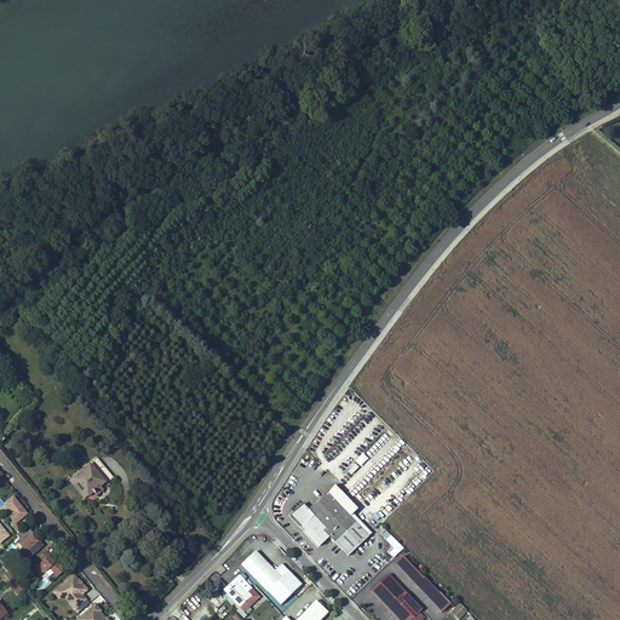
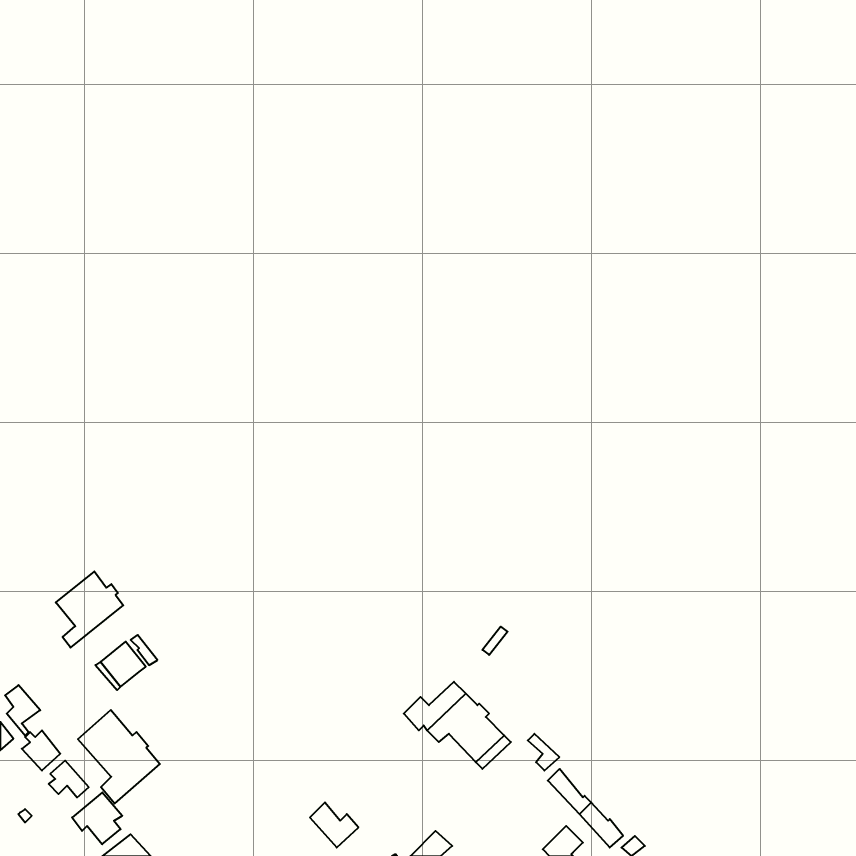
building: none -> [56,571,123,648]
building: none -> [78,710,160,804]
building: [242,552,303,605] -> none
building: [372,574,409,614] -> none

